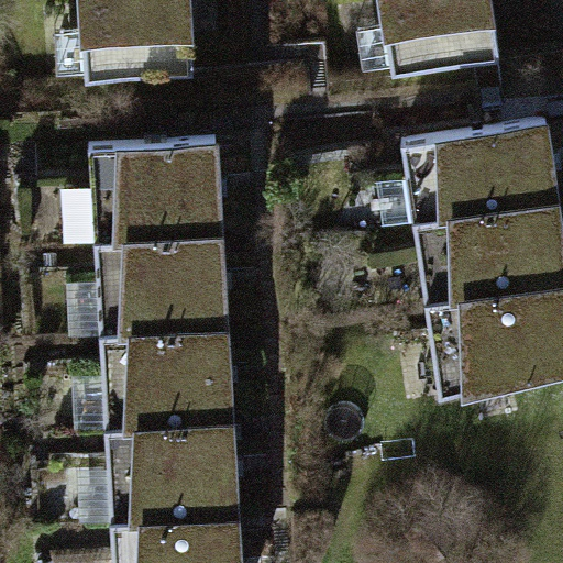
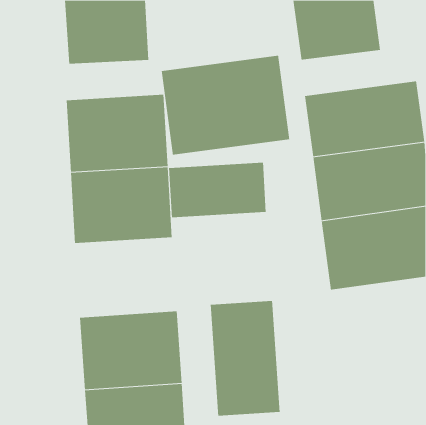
building: none -> [161,55,290,155]
building: none -> [169,162,266,218]
building: [98,314,234,420] -> none
building: none -> [210,300,280,417]

